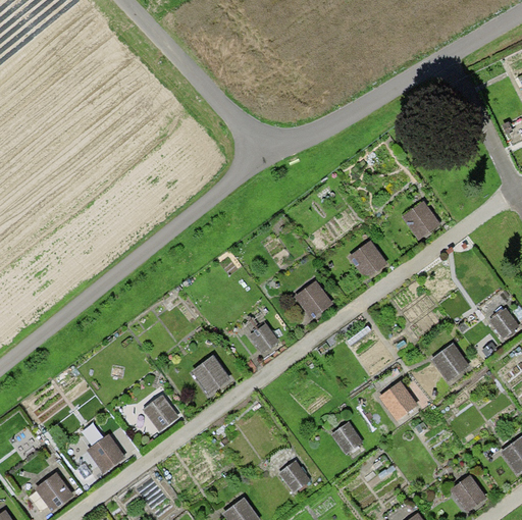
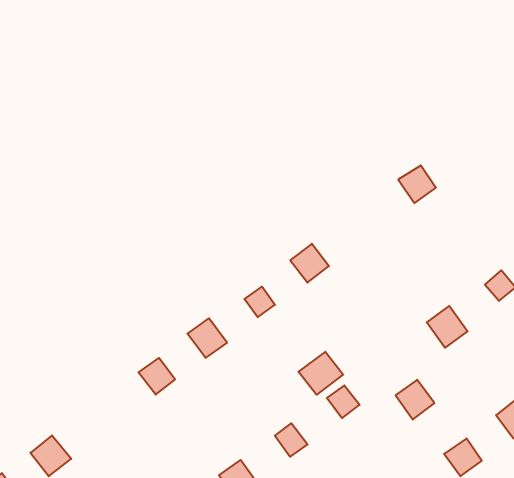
building: [348,240,386,279] -> none
building: [378,381,417,421] -> [396,380,434,420]
building: none -> [298,352,343,395]
building: [86,433,125,473] -> none

